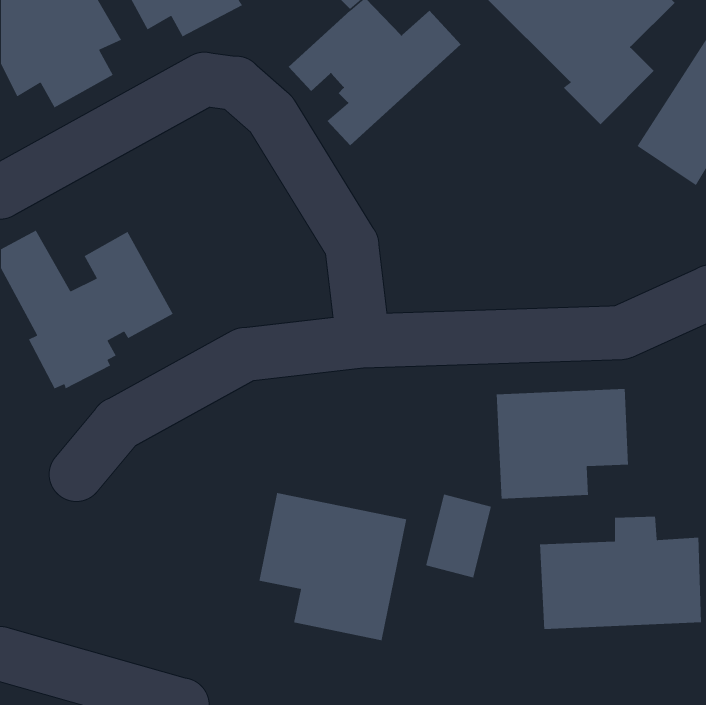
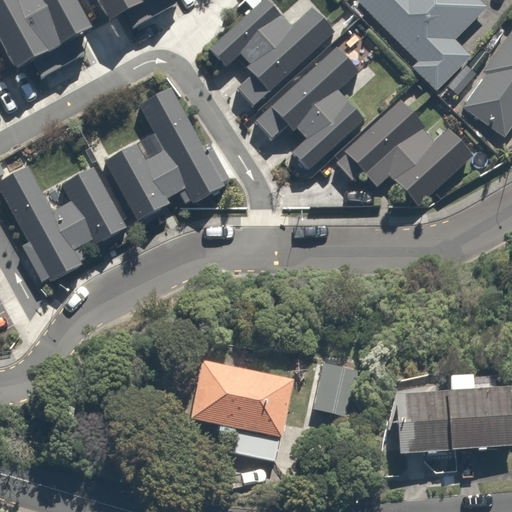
building: none -> [257,46,365,169]
building: none -> [105,87,230,221]
building: none -> [337,100,474,205]
building: [496,388,629,499] -> none

